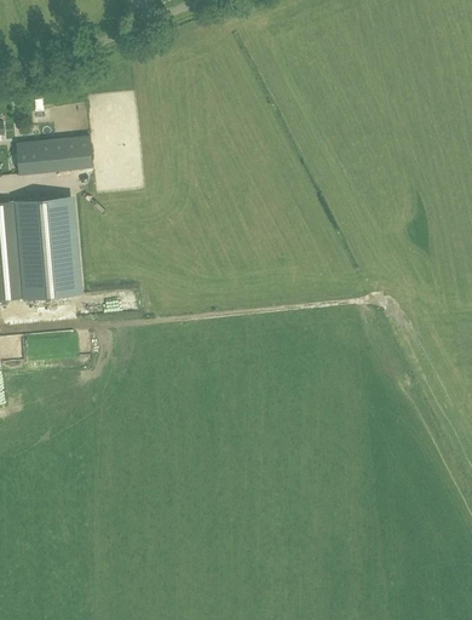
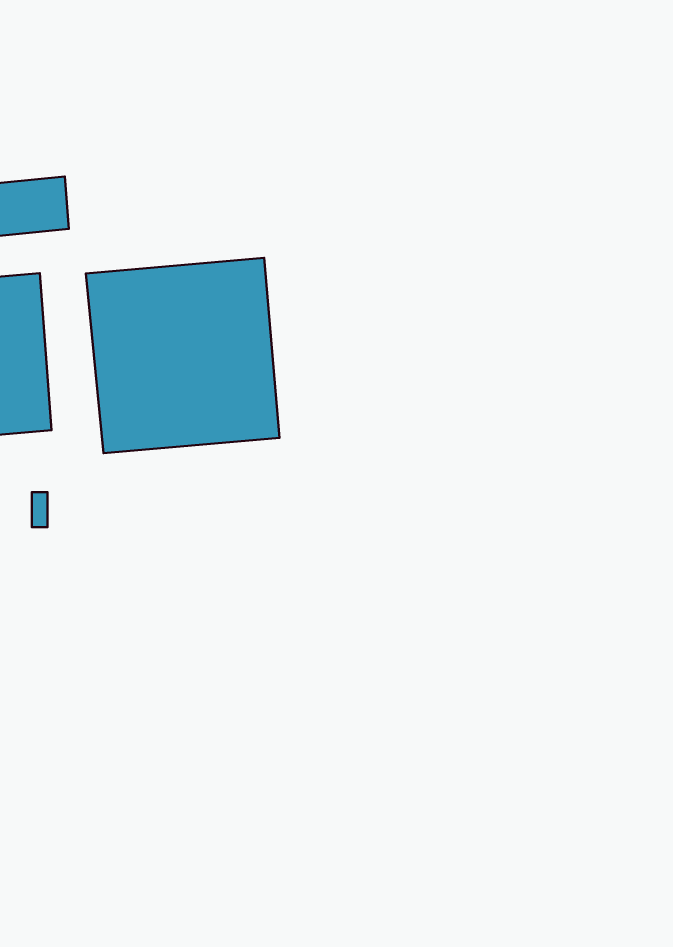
building: none -> [86,258,280,453]

